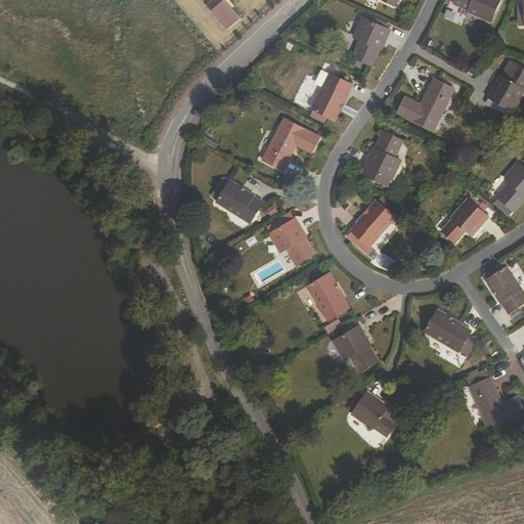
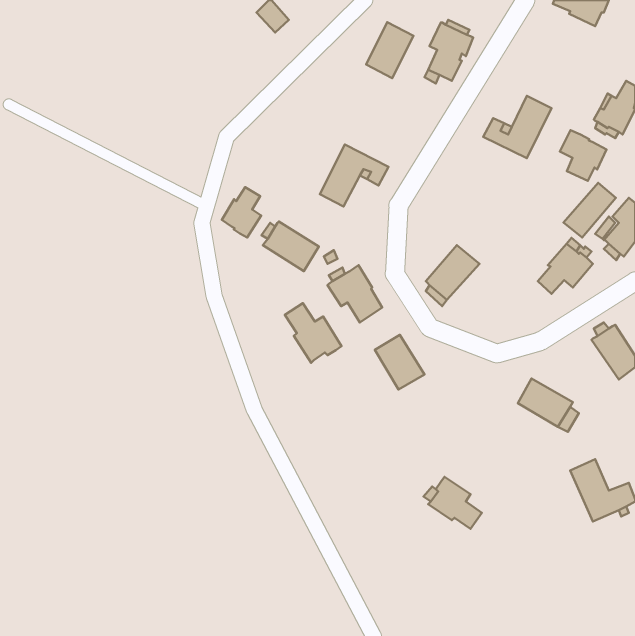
building: [313,74,352,120] -> [366,22,413,78]
building: none -> [560,130,606,181]
building: [364,132,402,184] -> none
building: none -> [564,183,616,237]
building: none -> [222,187,261,237]
building: none -> [285,303,342,363]
building: [334,325,379,372] -> none

